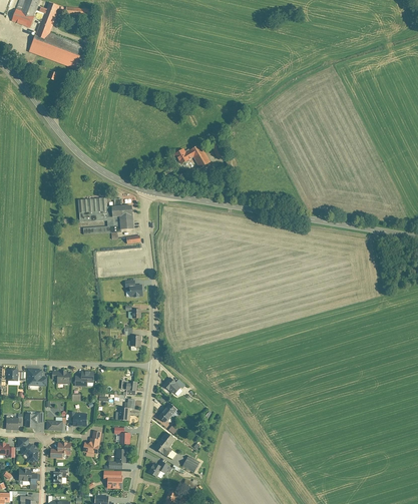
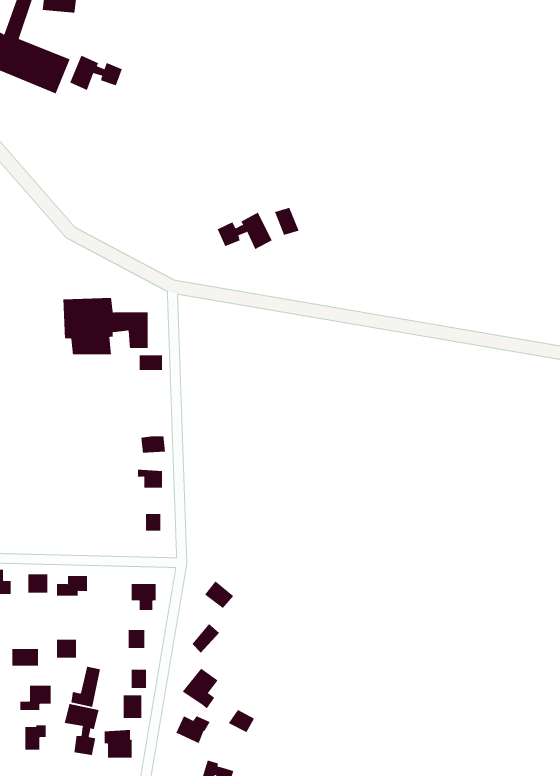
building: none -> [70,55,123,91]
building: none -> [64,703,99,756]

